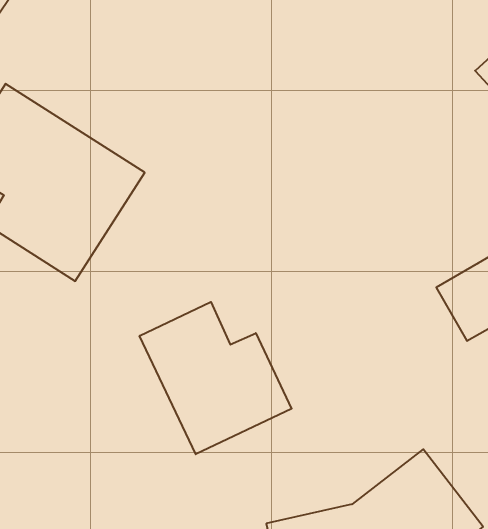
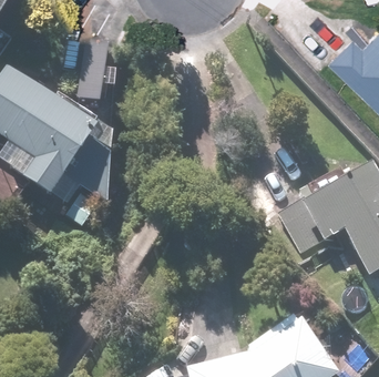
building: [140,302,292,454] -> none

